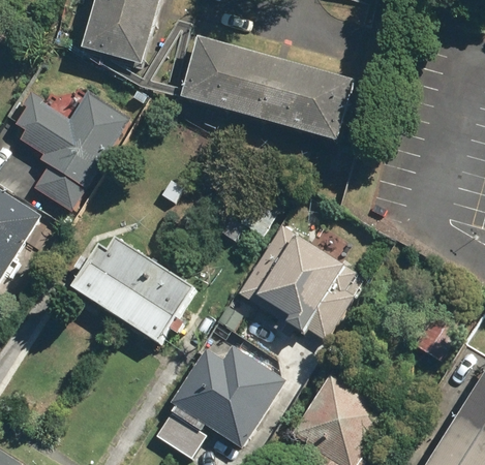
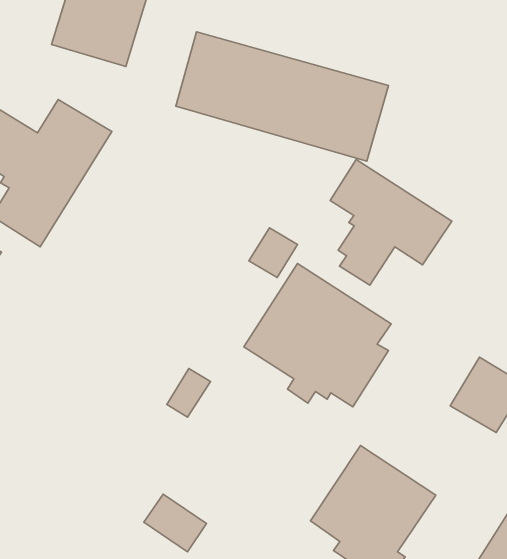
building: none -> [330,159,452,285]
building: [71,238,192,341] -> none
building: [171,345,285,446] -> none

